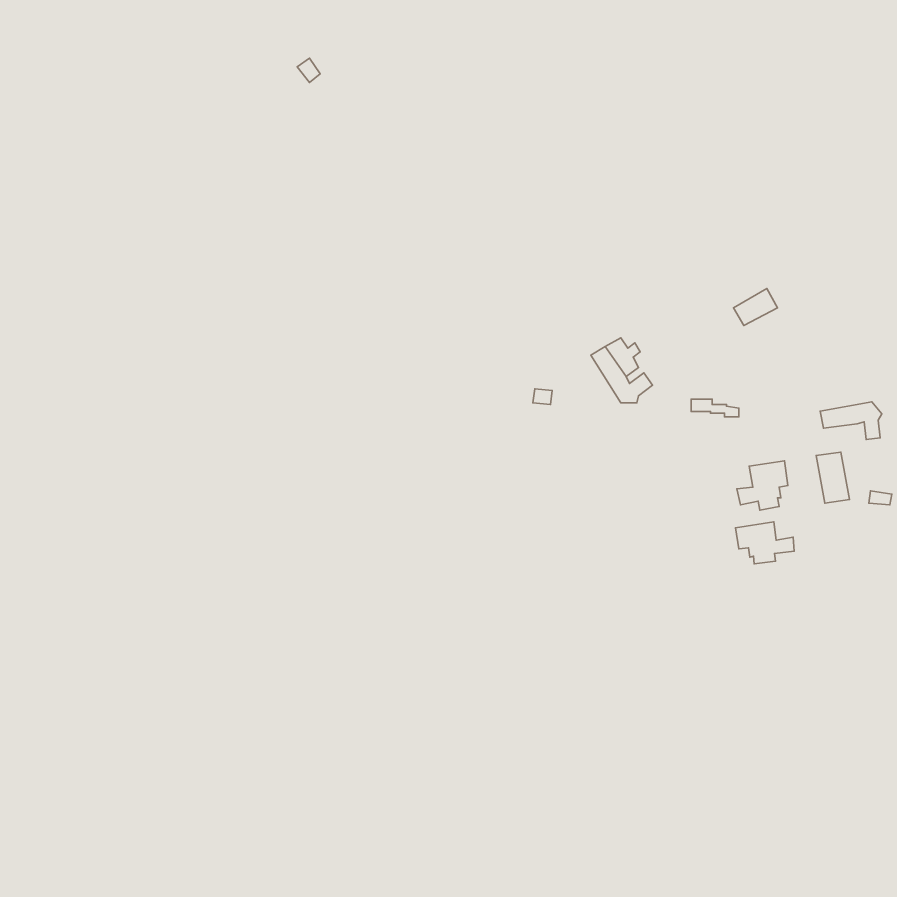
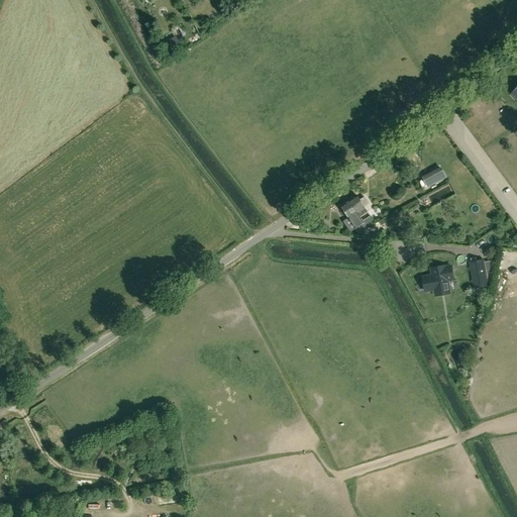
building: [820,402,882,440] -> none
building: [735,522,794,564] -> none

